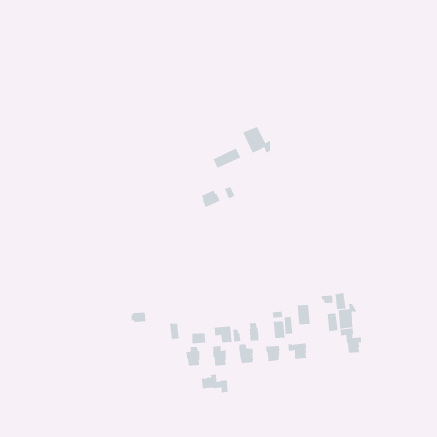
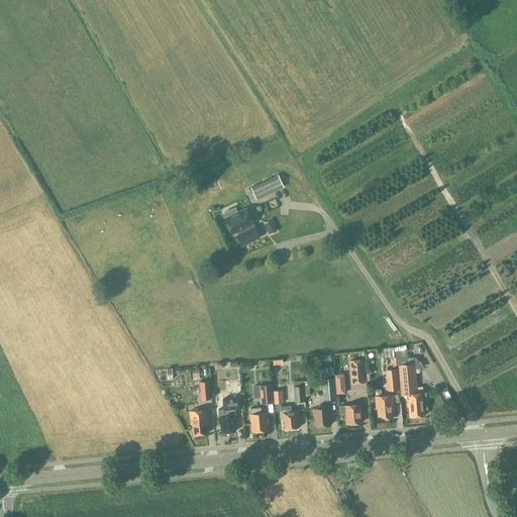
building: [242,126,271,154] -> none
building: none -> [225,209,254,234]
building: none -> [376,395,394,419]
building: none -> [192,410,208,435]
building: [201,373,228,393] -> none

